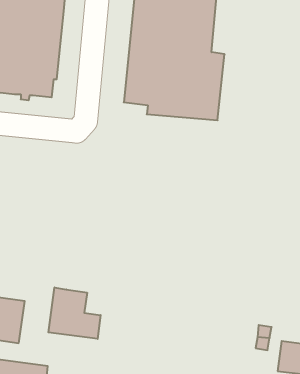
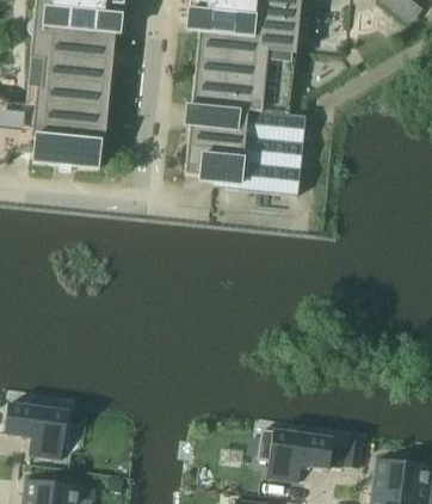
building: [48,287,101,339] -> none
building: none -> [264,428,331,481]

